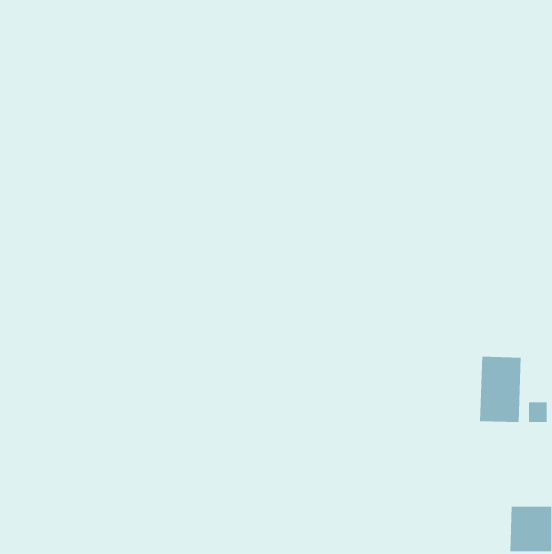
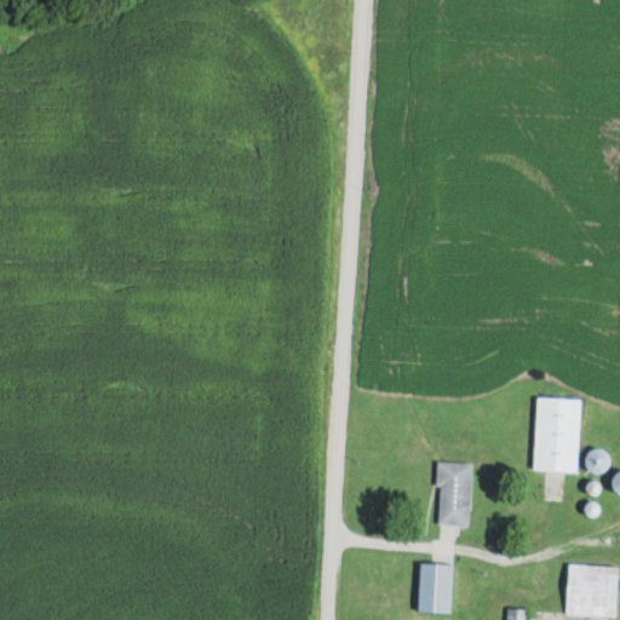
building: none -> [436,463,472,527]
building: none -> [415,564,455,613]

